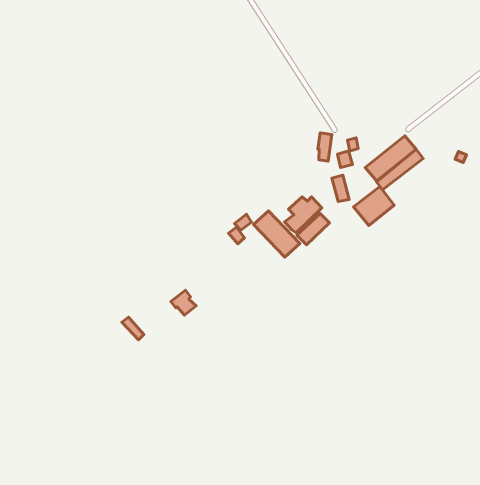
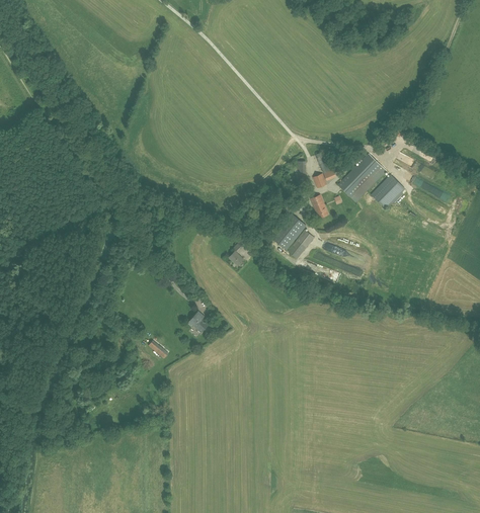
building: [354,187,394,225] -> [371,174,405,208]
building: [254,211,300,257] -> none

